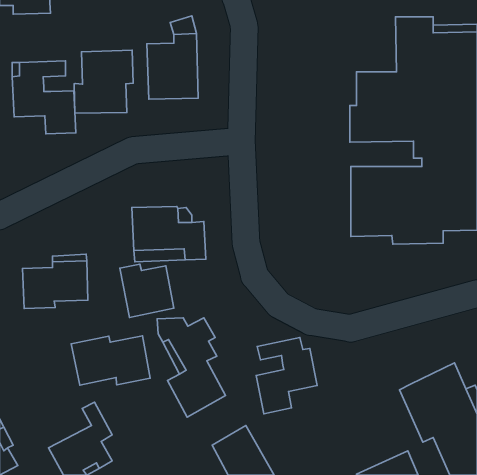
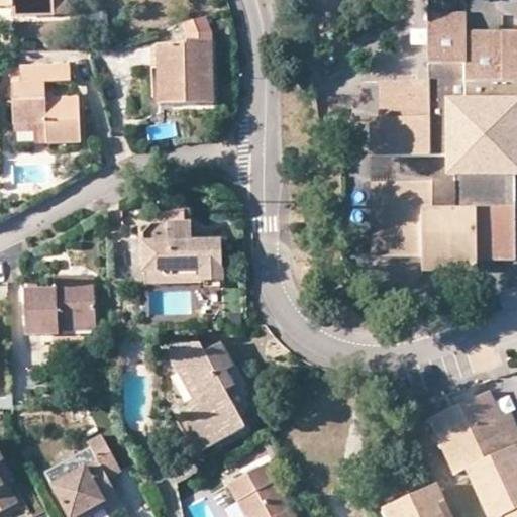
building: [74,50,133,113] -> none
building: [120,264,174,317] -> none
building: [71,336,150,385] -> none
building: [256,338,317,414] -> none

